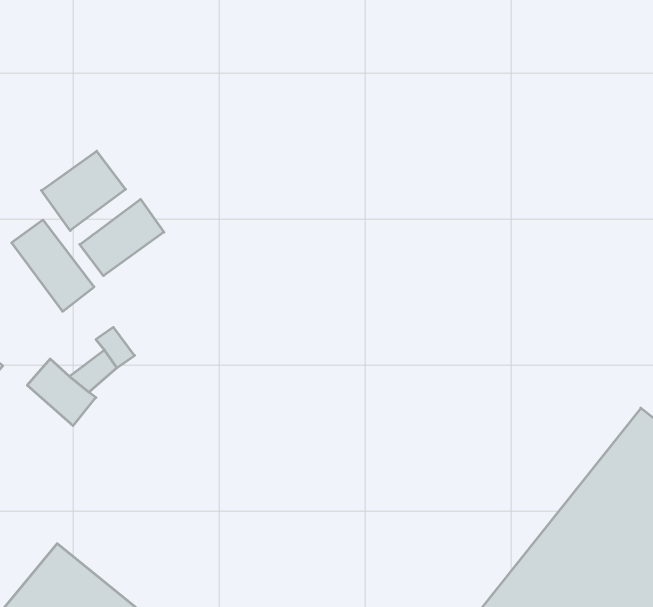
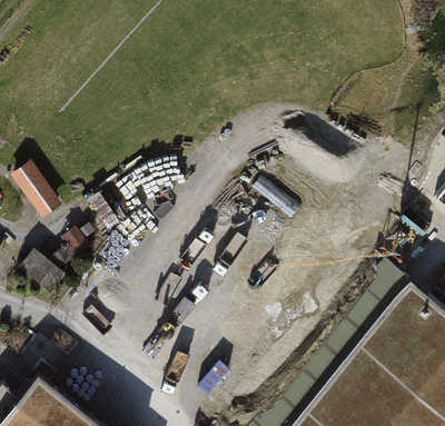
building: [41,151,126,231] -> none
building: [80,199,164,276] -> none

